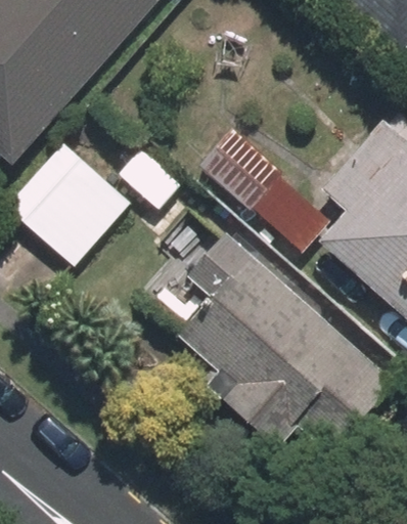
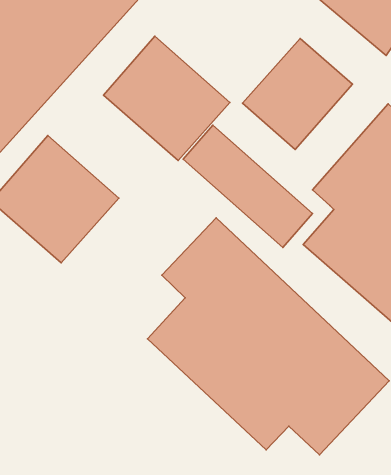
building: none -> [103,36,230,161]
building: none -> [243,38,353,150]

